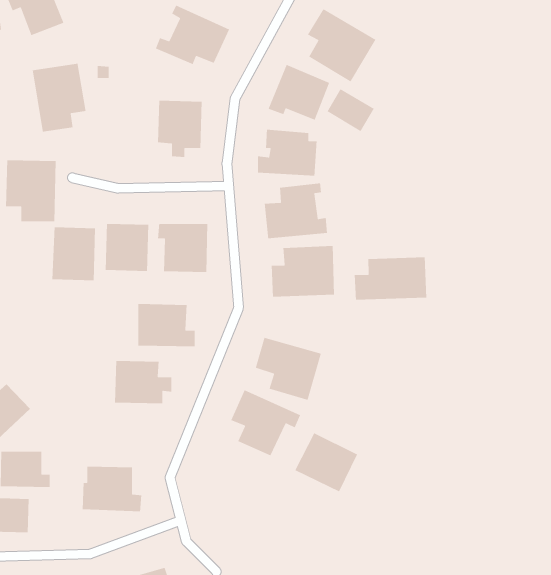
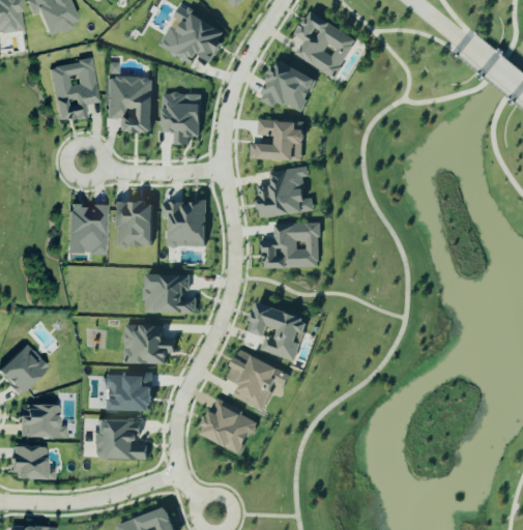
building: [326,88,375,132] -> none
building: [5,159,56,222] -> [107,76,152,131]
building: [354,256,427,300] -> none
building: none -> [104,372,152,411]
building: [294,432,358,493] -> [200,400,257,453]

